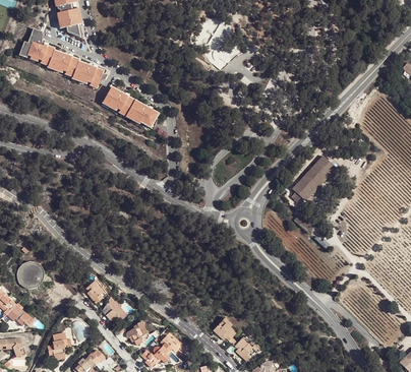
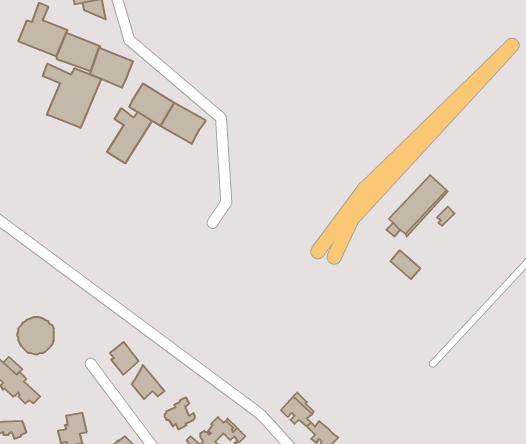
building: none -> [43,64,101,128]
building: none -> [107,108,152,163]

